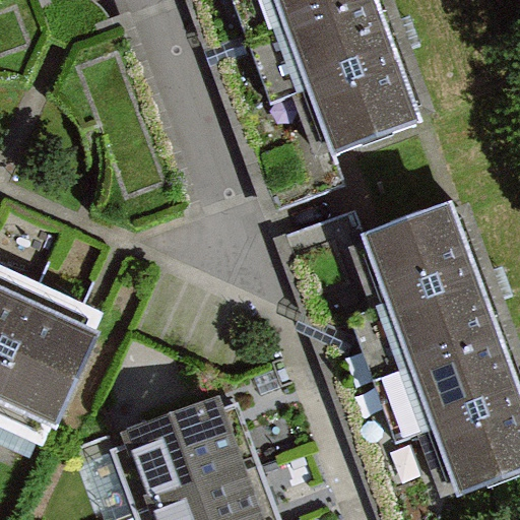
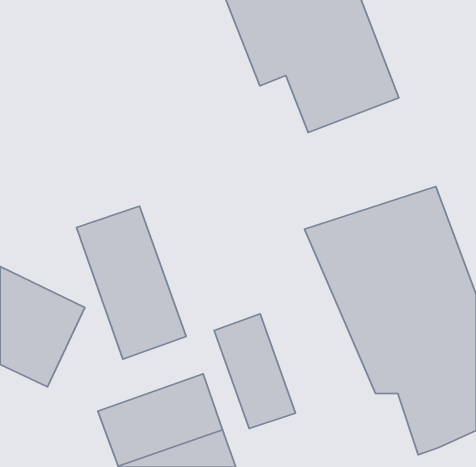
building: none -> [76,206,186,359]
building: none -> [214,314,295,429]

